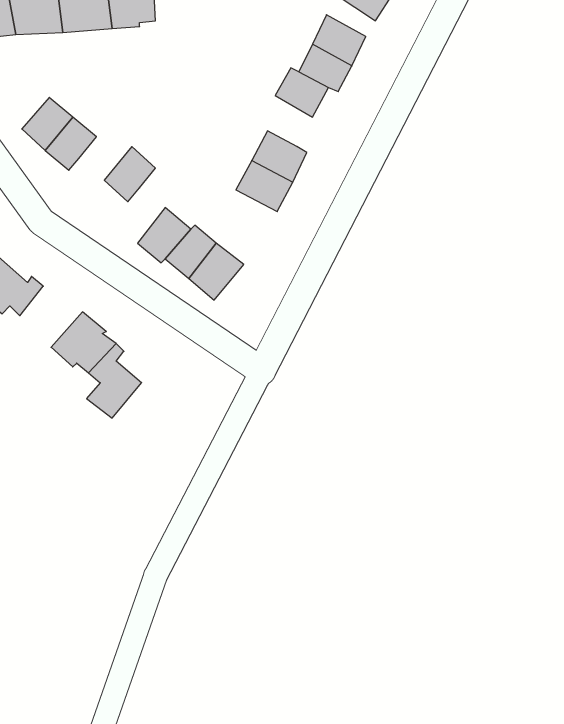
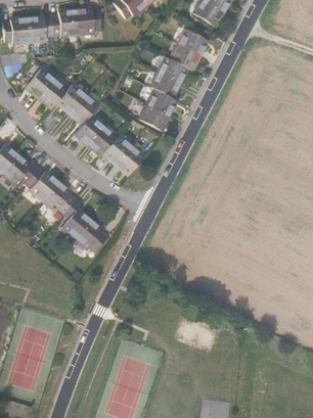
building: none -> [150,68,179,95]
building: none -> [57,85,85,112]
building: none -> [75,117,102,145]
building: none -> [27,168,59,199]
building: none -> [75,218,105,248]

